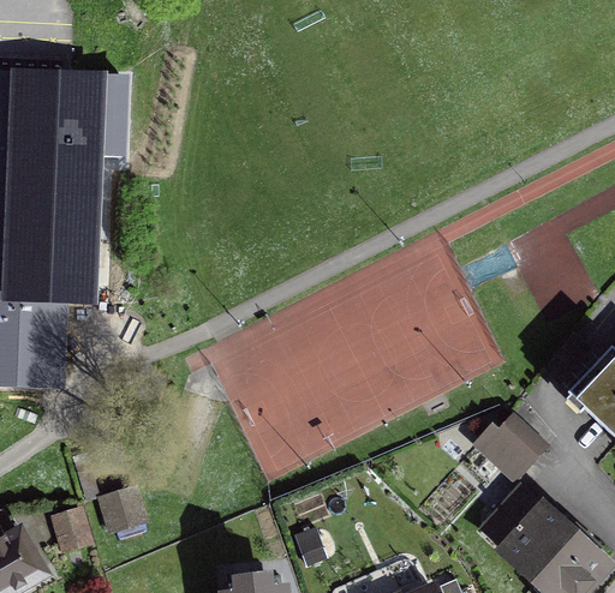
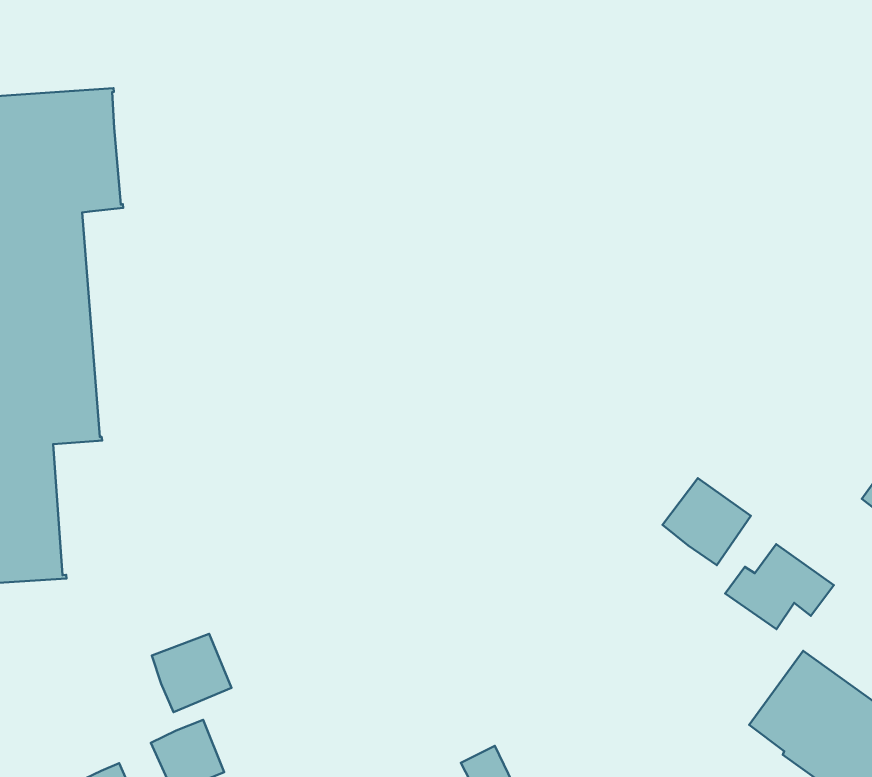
building: none -> [662,478,751,565]
building: none -> [152,634,231,712]

